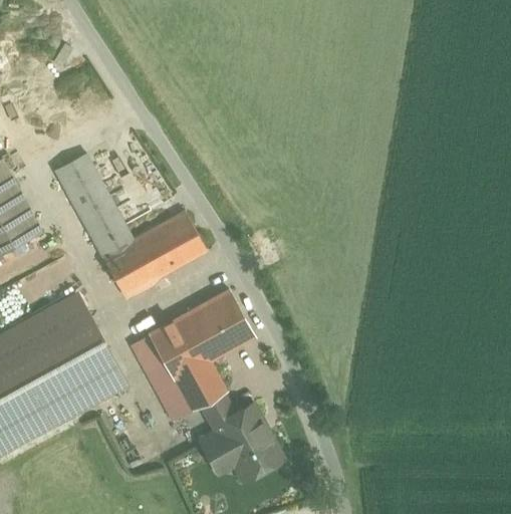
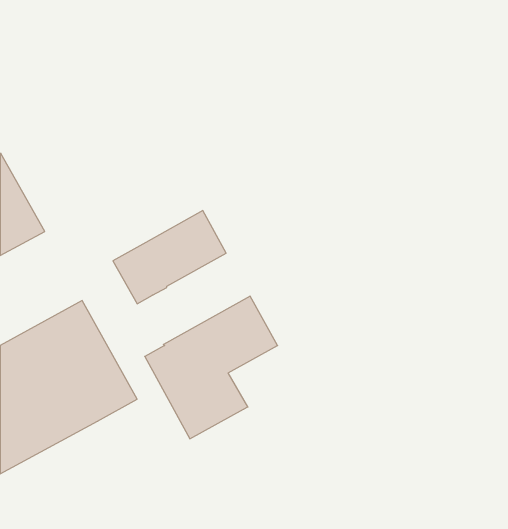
building: [55,154,134,258] -> none
building: [200,394,283,480] -> none

